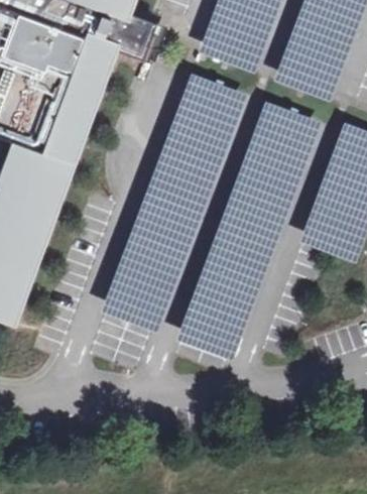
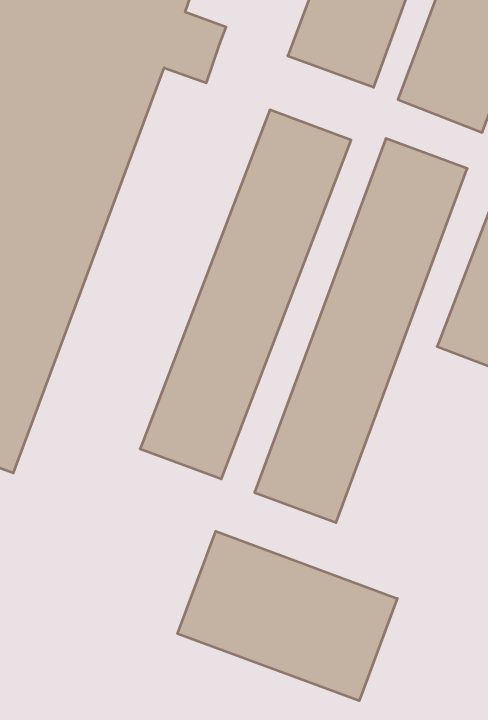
building: none -> [178,531,397,701]

